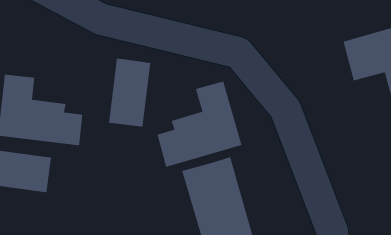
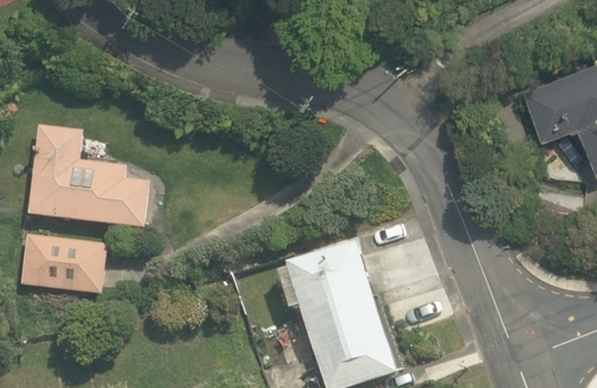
building: [108,58,151,128] -> none
building: [157,81,242,168] -> none

